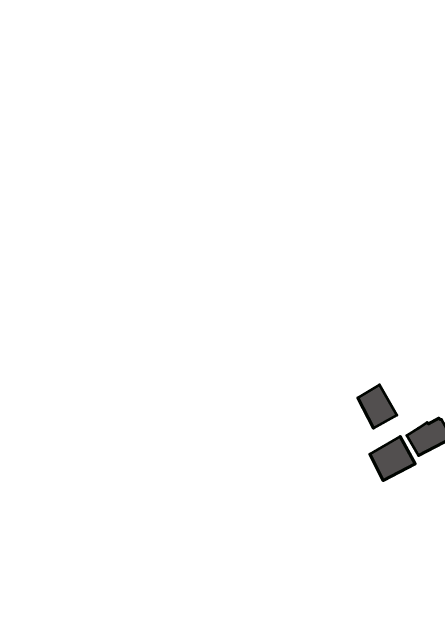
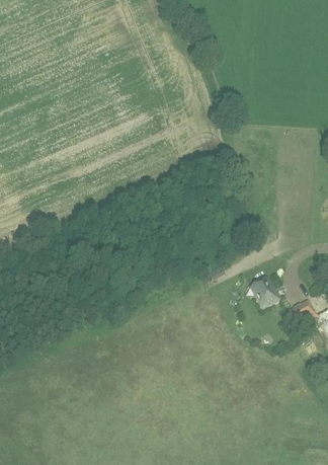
building: [370,436,415,481] -> none

